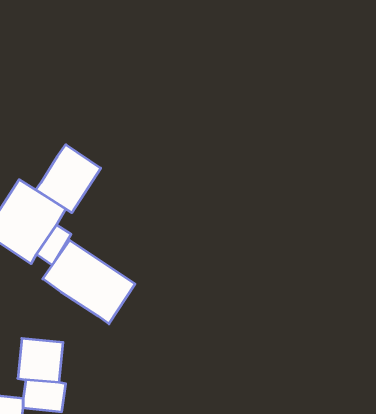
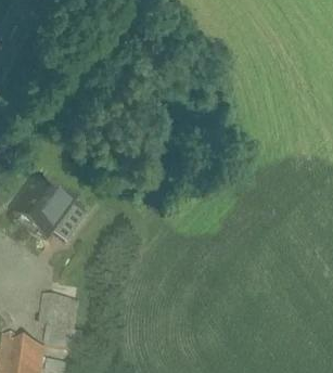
building: [36,145,101,213] -> none
building: [43,240,135,324] -> none

